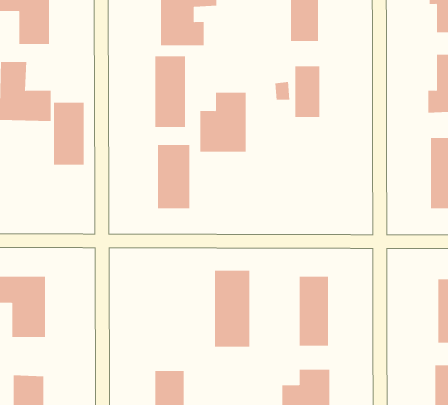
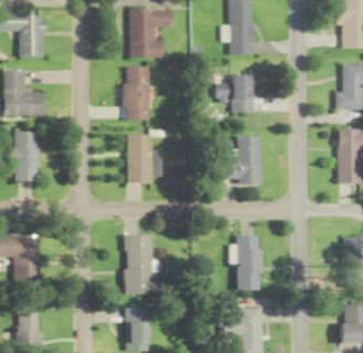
building: [199,92,247,152] -> [225,136,261,183]
building: [53,102,85,165] -> [14,132,39,180]
building: [214,270,250,347] -> [125,235,153,294]

